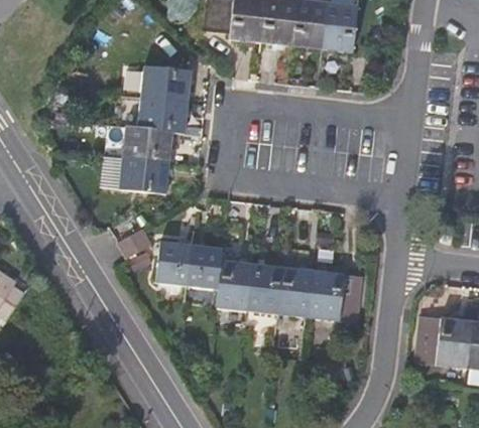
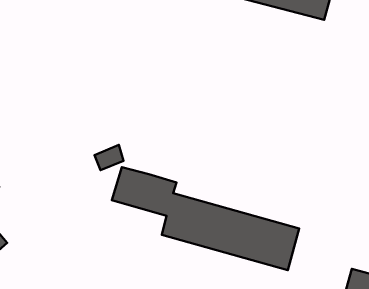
building: [117,65,189,193] -> none

